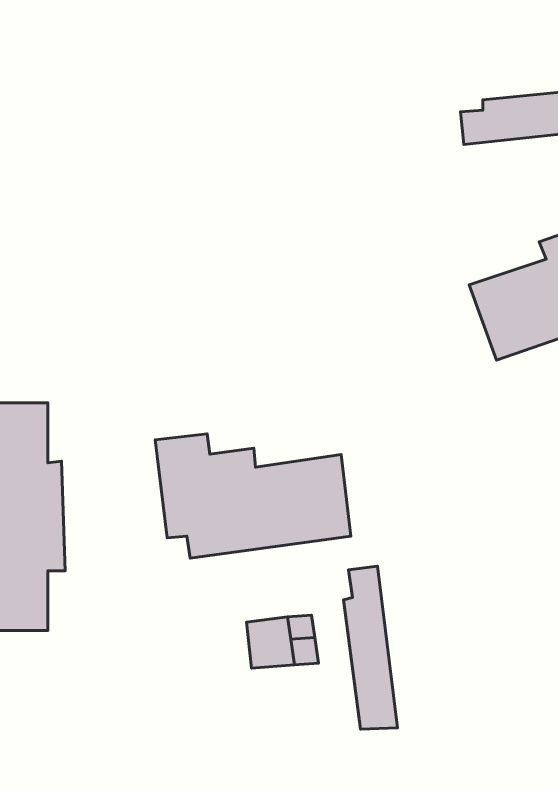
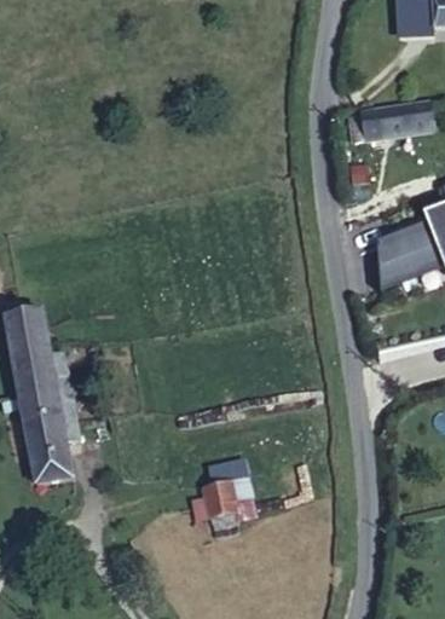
building: [155,434,351,558] -> none
building: [344,566,398,729] -> none

